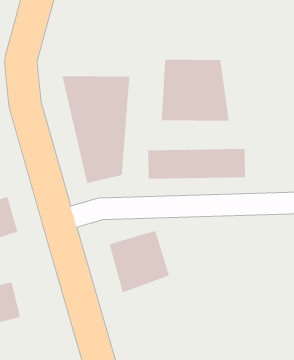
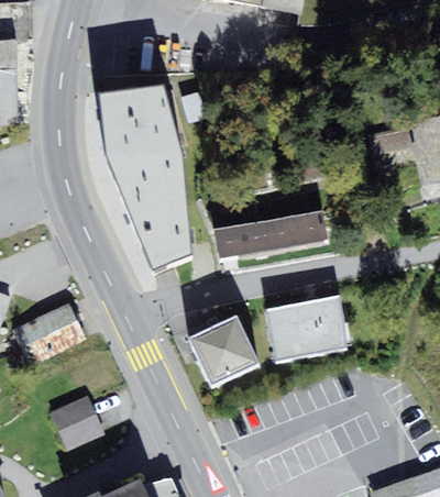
building: [161,59,229,121] -> [99,84,182,161]
building: none -> [265,294,349,363]

